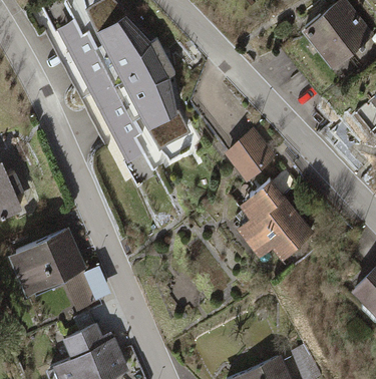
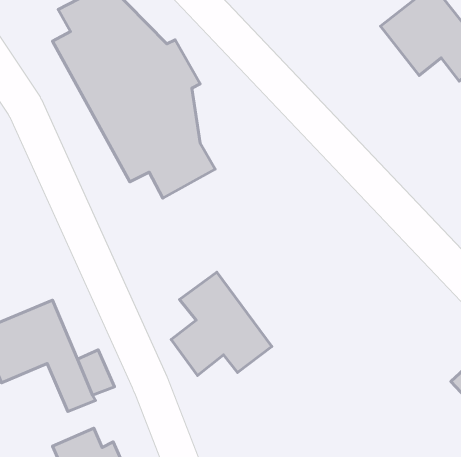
building: [229,133,276,180] -> none
building: [239,176,312,252] -> [171,272,272,375]

